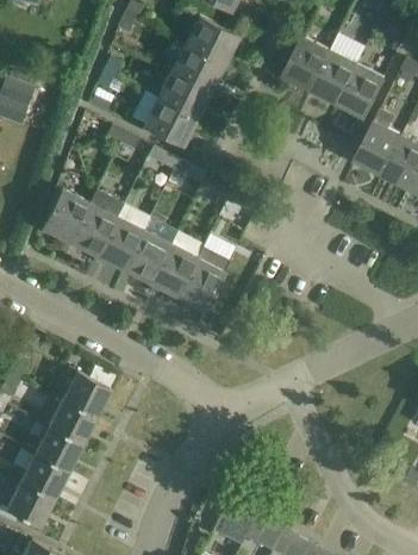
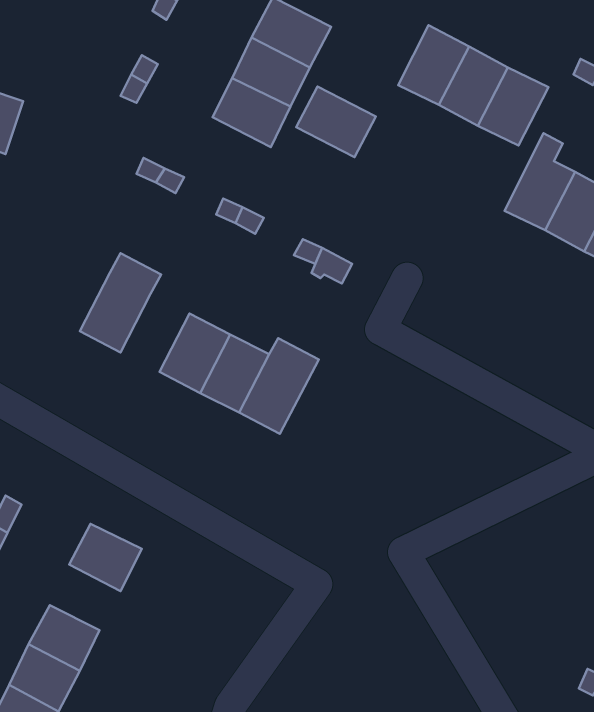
building: [144,98,198,145] -> [296,87,376,157]
building: [42,188,89,242] -> none
building: [96,217,143,269] -> none
building: [49,399,96,443] -> none

